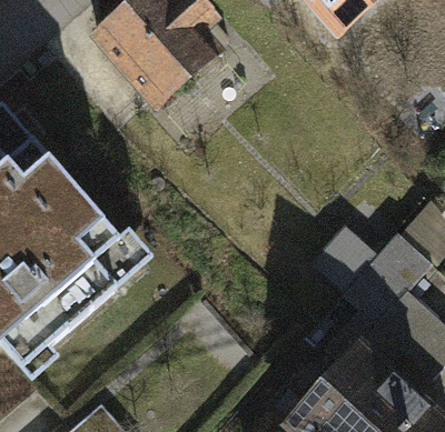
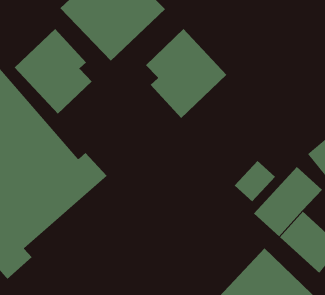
building: none -> [14,28,92,115]
building: none -> [145,28,227,119]

